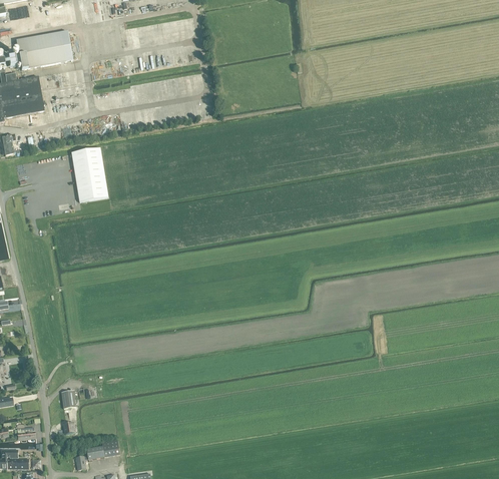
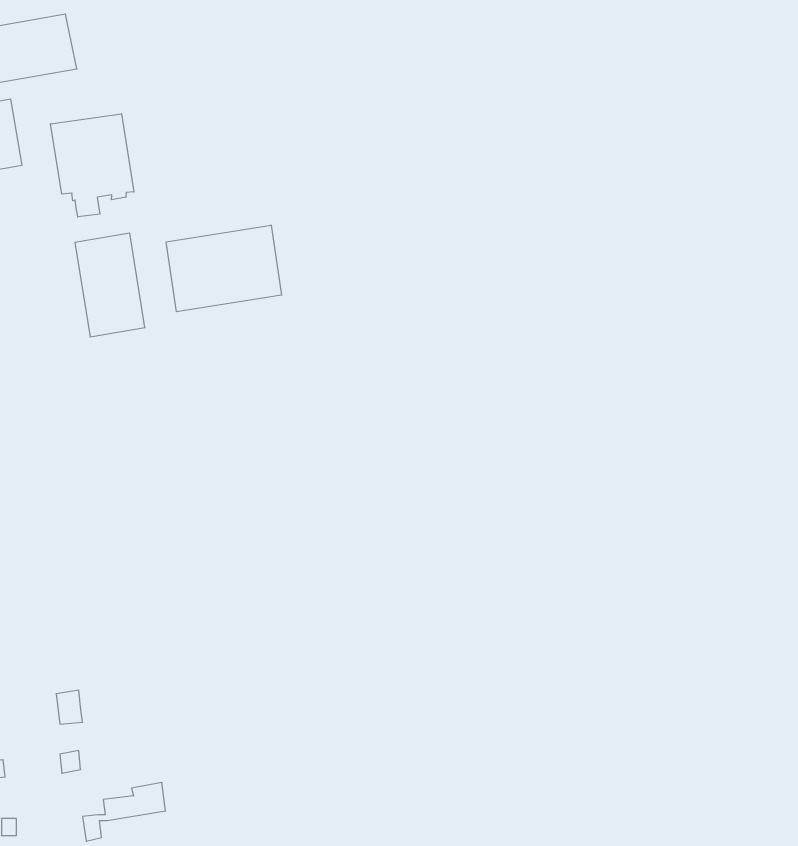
building: none -> [50,114,134,217]
building: none -> [166,225,282,312]

